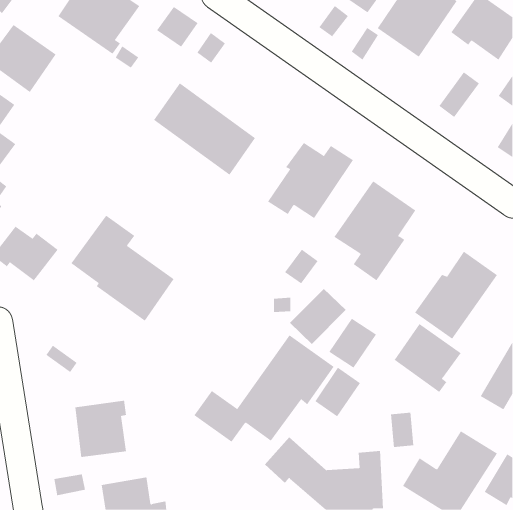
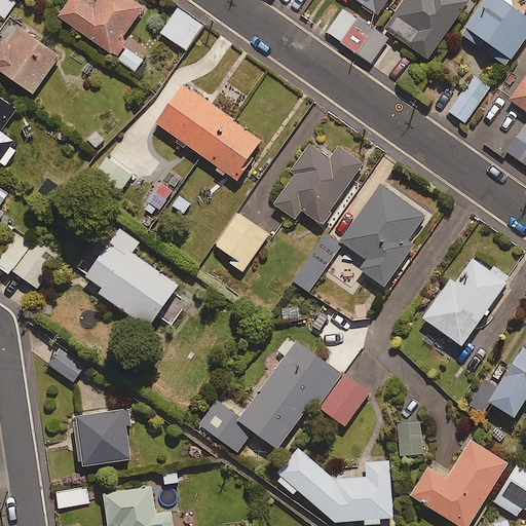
building: none -> [213,210,268,270]
building: [289,288,347,345] -> none
building: [329,318,377,368] -> none
building: [394,323,461,393] -> none

